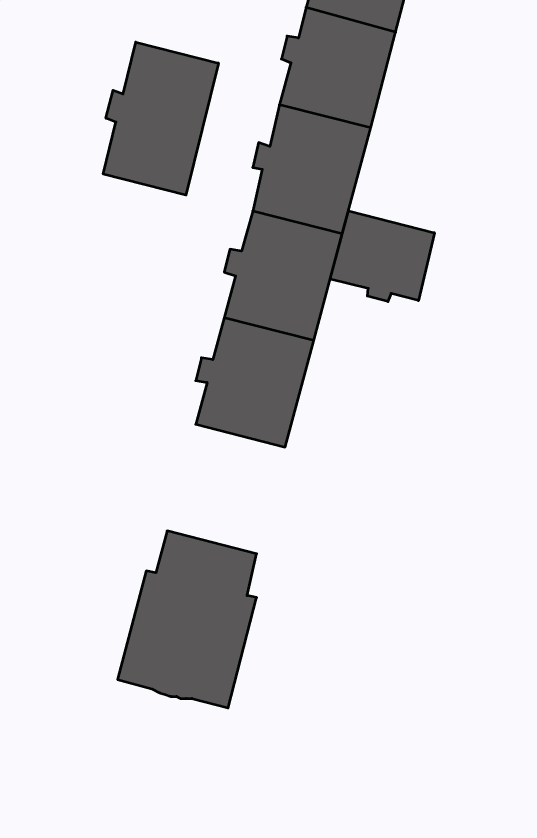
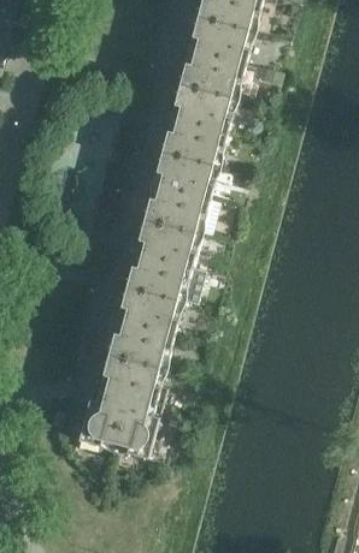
building: [103,42,218,195] -> none
building: [330,211,434,302] -> none
building: none -> [110,273,184,355]

